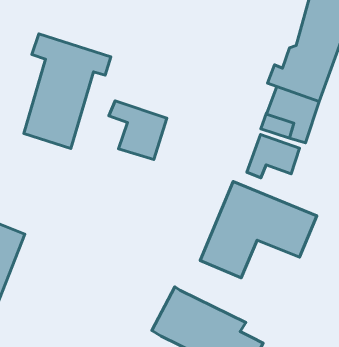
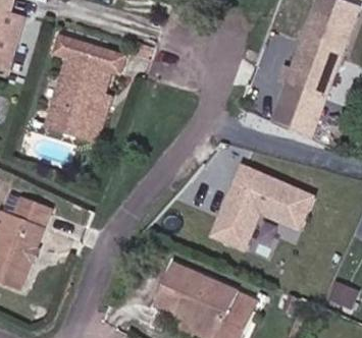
building: [109,101,167,159] -> none
building: [247,135,300,178] -> none

